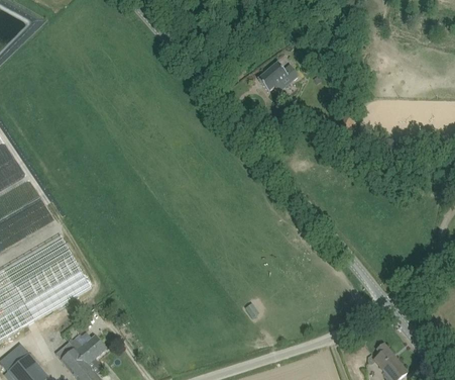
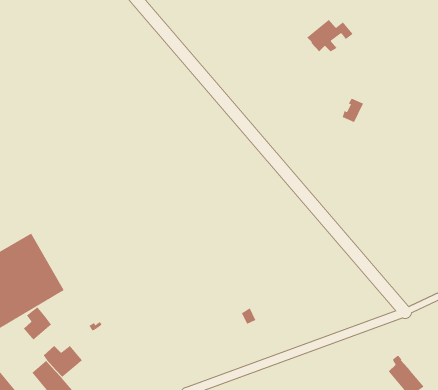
building: [257,63,299,92] -> [306,19,353,52]
building: none -> [23,306,52,341]

